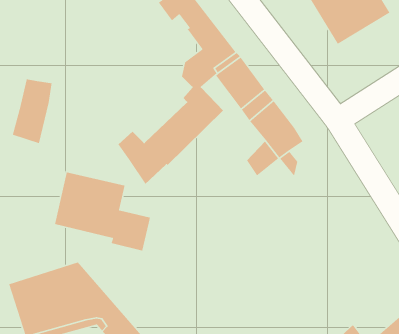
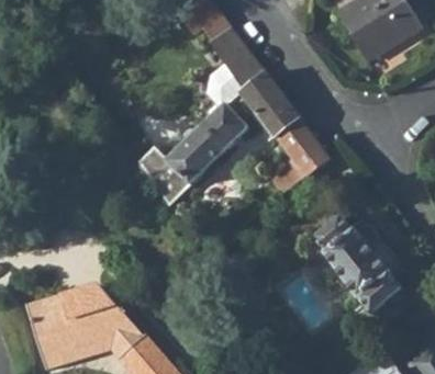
building: [12,78,53,144] -> none
building: [54,172,151,252] -> none
building: none -> [312,215,410,326]

